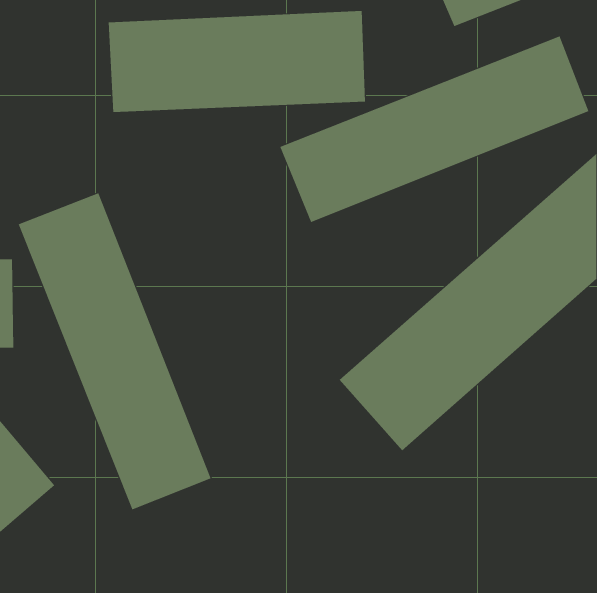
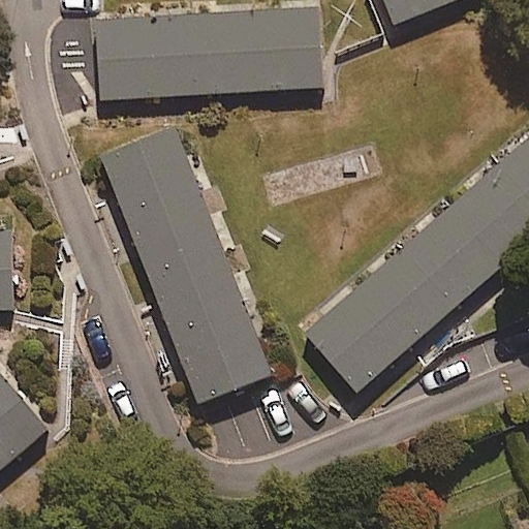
building: [280,35,589,223] -> none
building: [18,193,211,510] -> [100,123,271,403]

